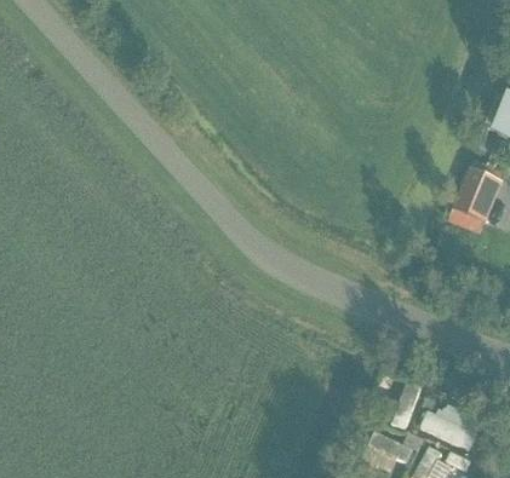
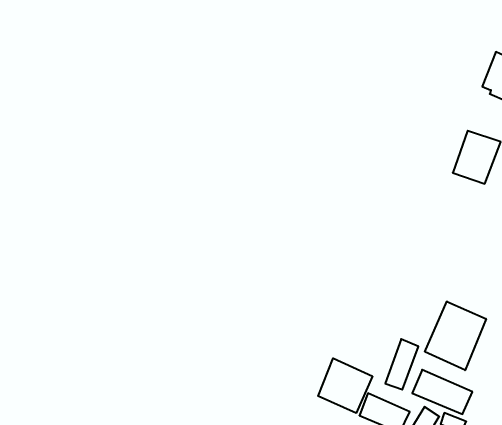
building: none -> [425,301,486,370]
building: none -> [318,358,372,413]

